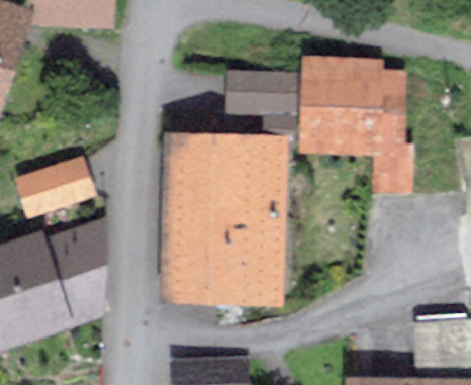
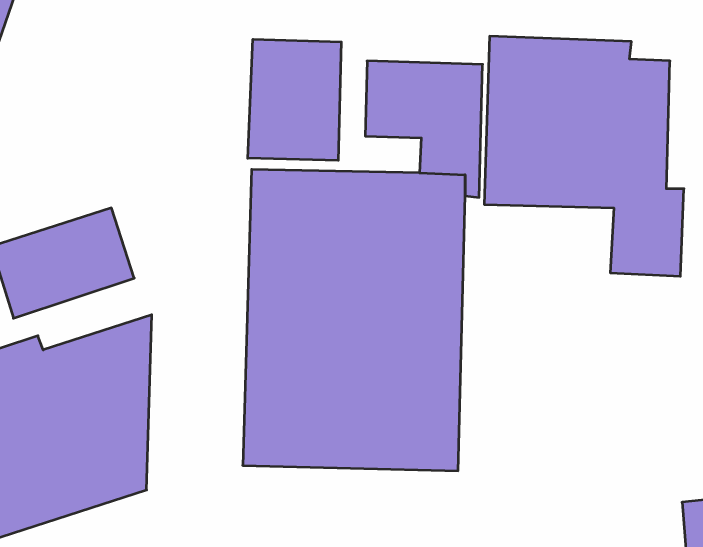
building: none -> [248,39,341,160]

